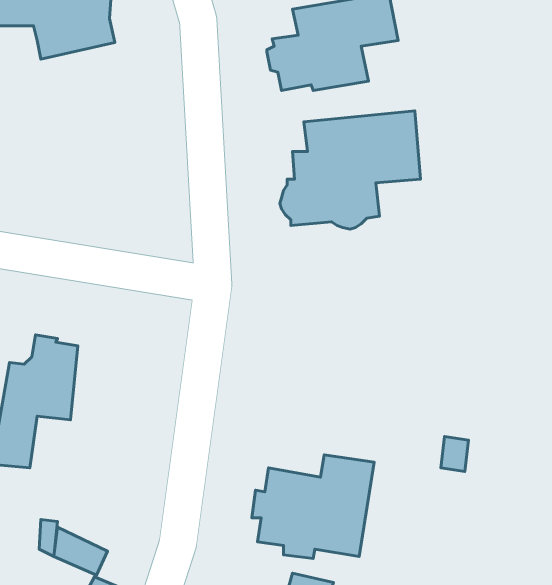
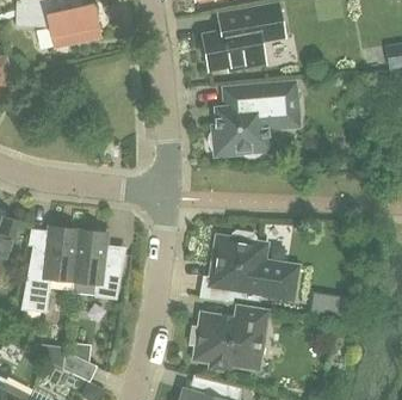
building: none -> [72,230,125,299]
building: none -> [211,230,298,300]

